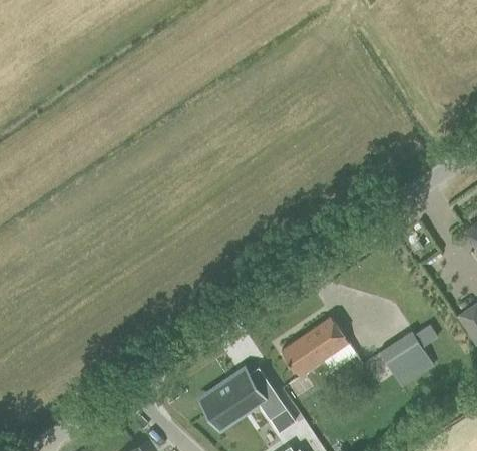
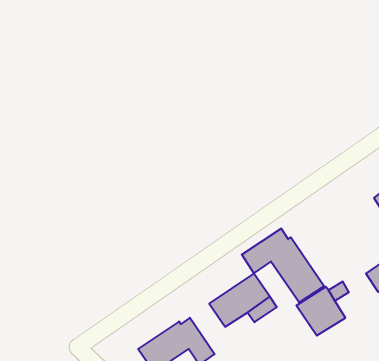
building: none -> [242,228,324,303]

